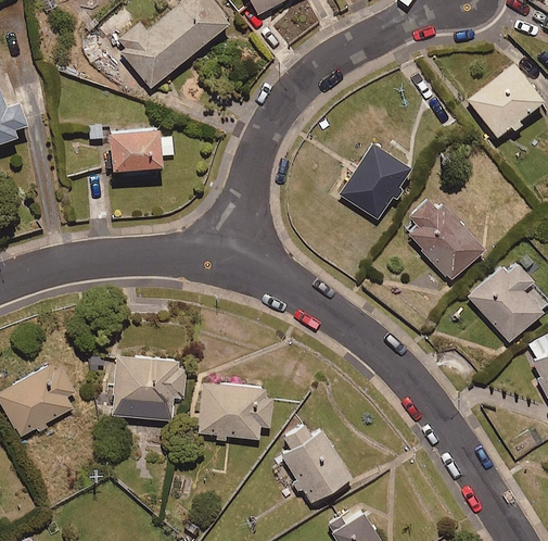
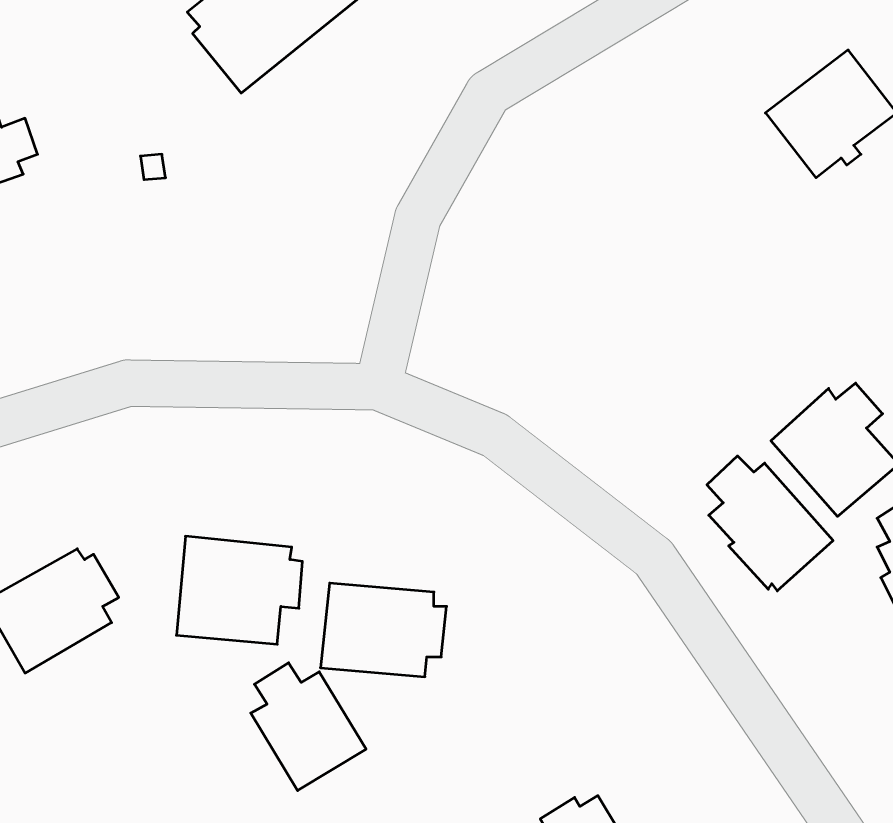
building: [110,128,162,171] -> none
building: [340,143,411,219] -> none
building: [409,199,485,280] -> [707,456,833,591]
building: [282,425,352,502] -> [251,663,366,791]

